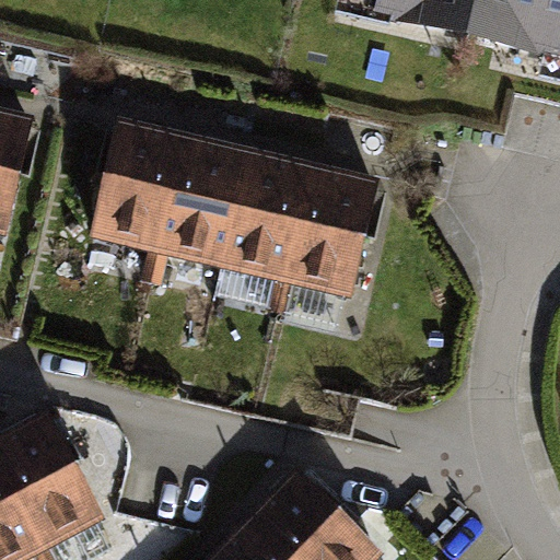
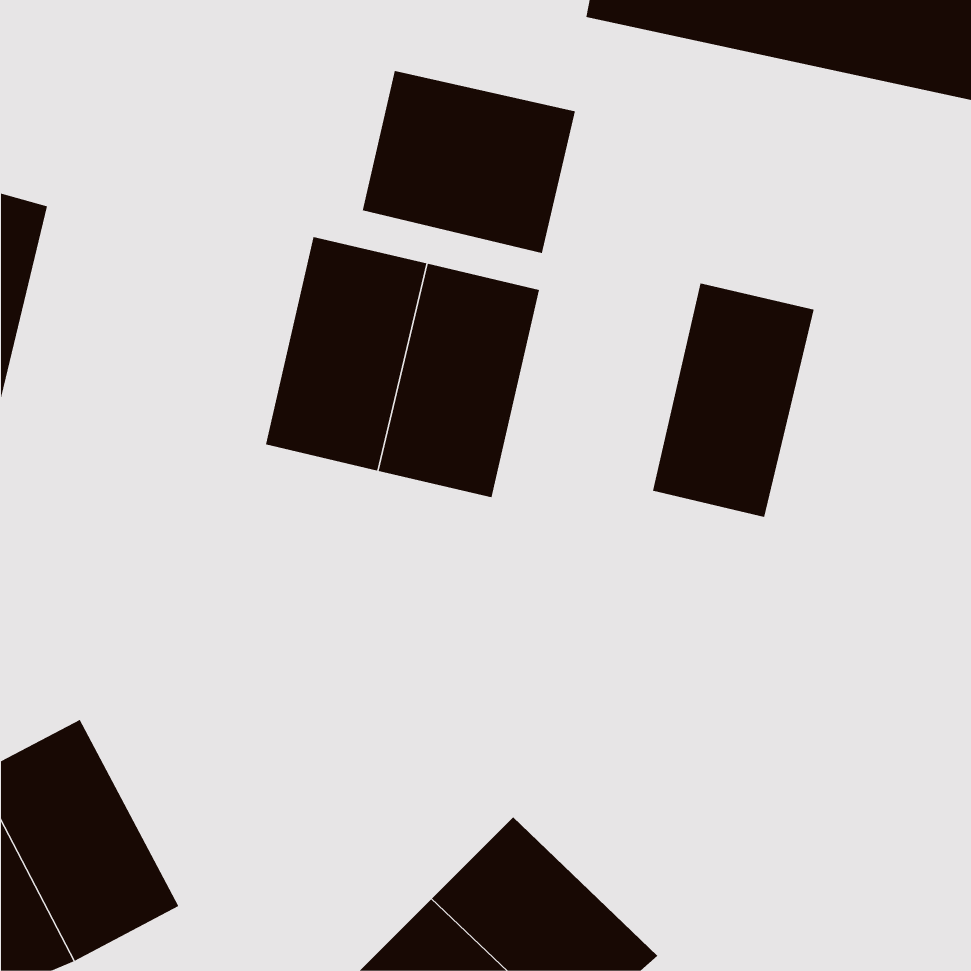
building: none -> [362,70,575,254]
building: [89,120,182,255] -> none
building: [284,166,377,301] -> [652,283,814,518]

